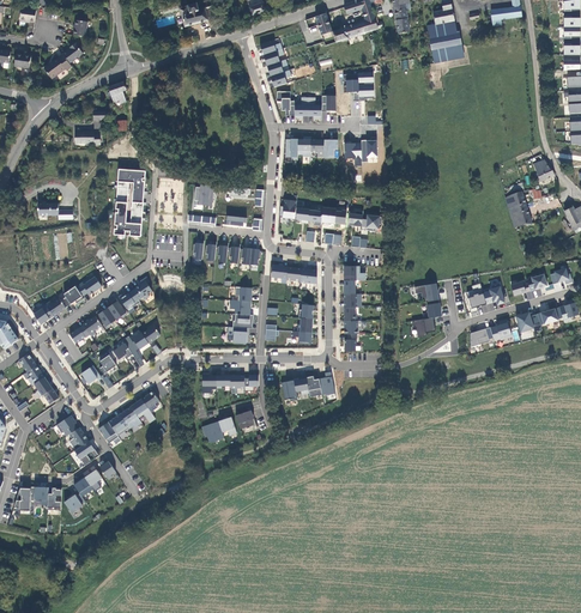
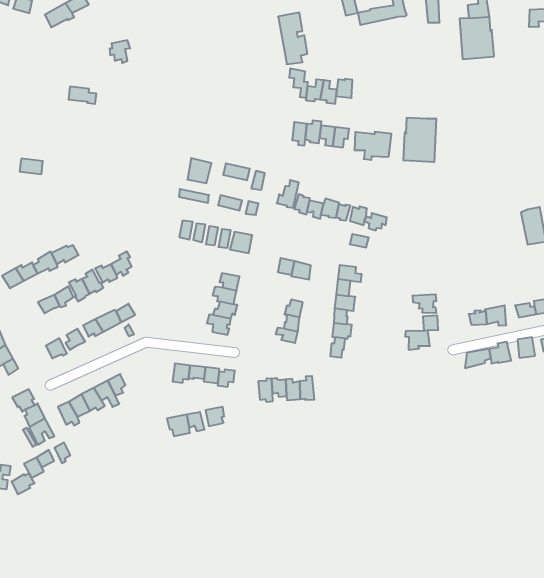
building: [345,73,373,98] -> none
building: none -> [403,118,436,162]
building: [113,169,145,237] -> none

